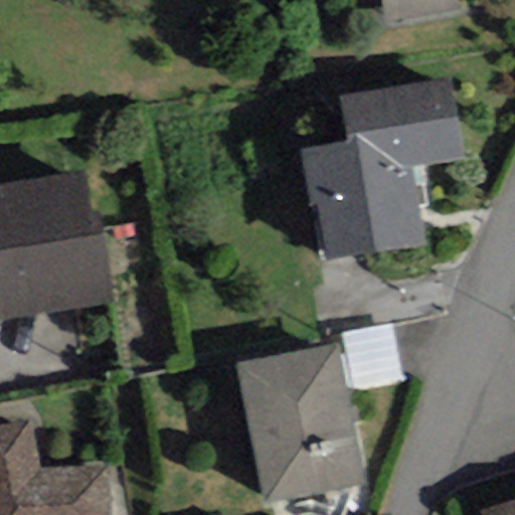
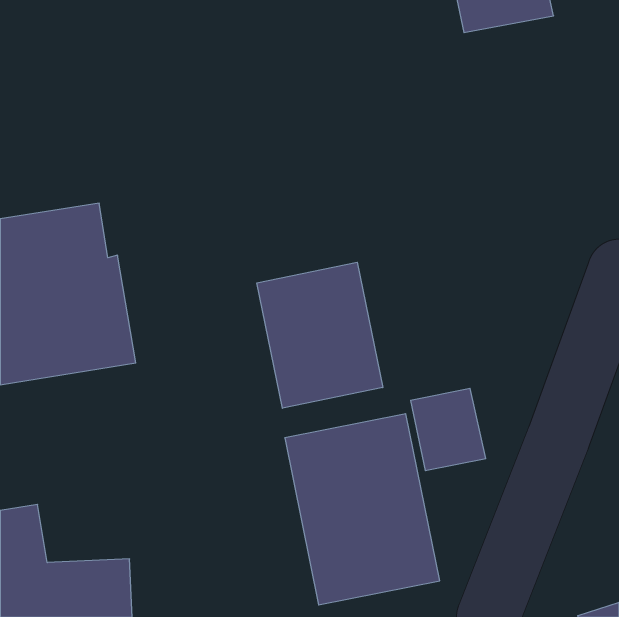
building: [299,76,464,261] -> none
building: none -> [257,262,383,408]

